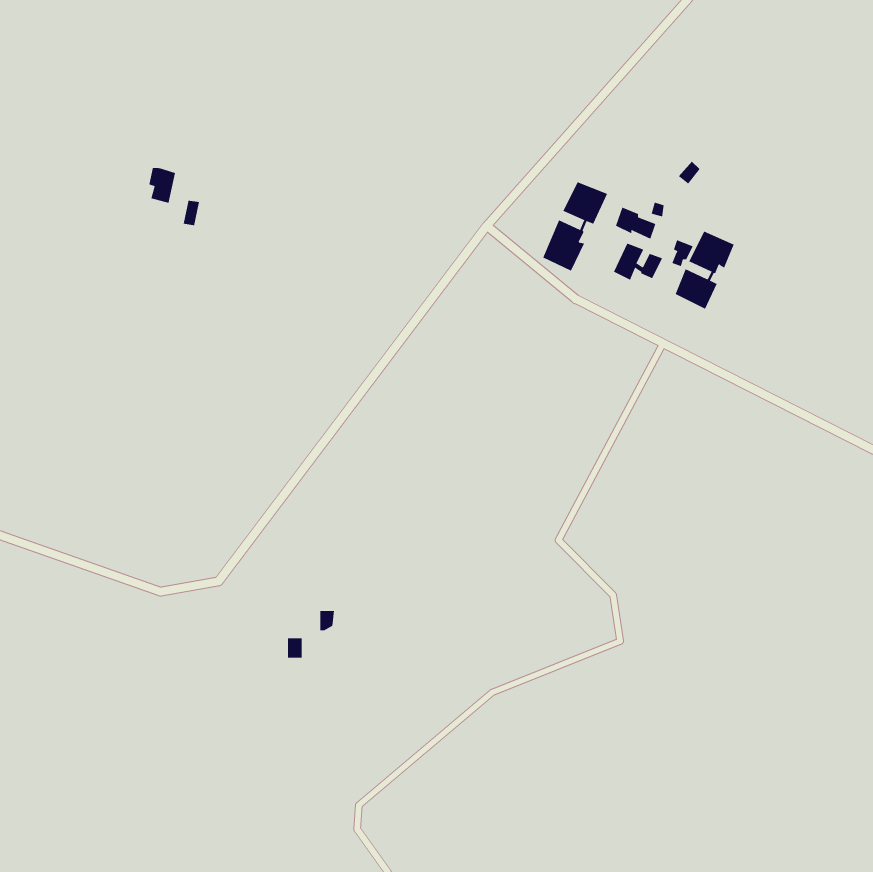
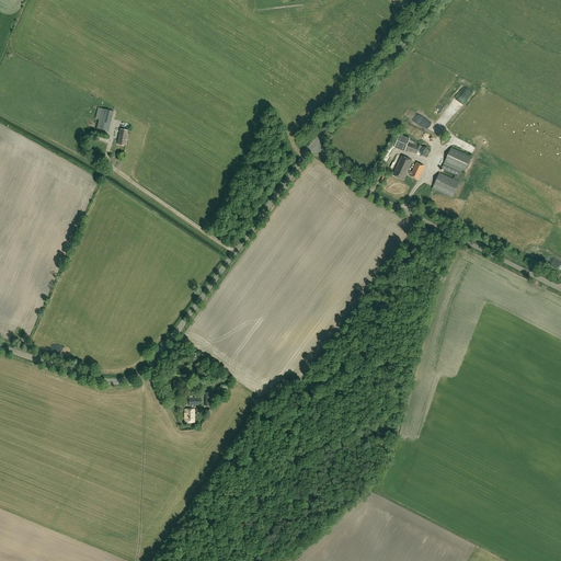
building: [543,181,608,271] -> none

